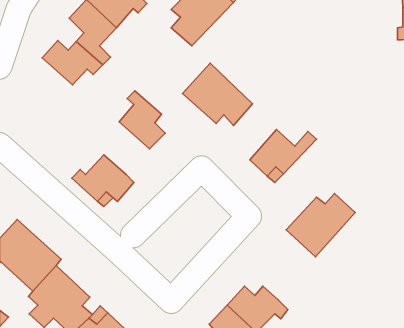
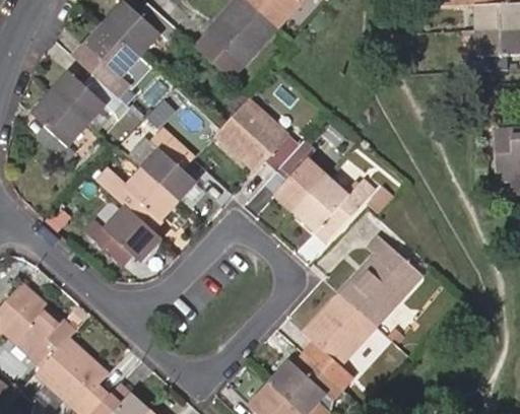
building: none -> [32,92,87,163]
building: none -> [274,140,327,212]
building: none -> [94,167,178,229]
building: none -> [302,294,373,376]

